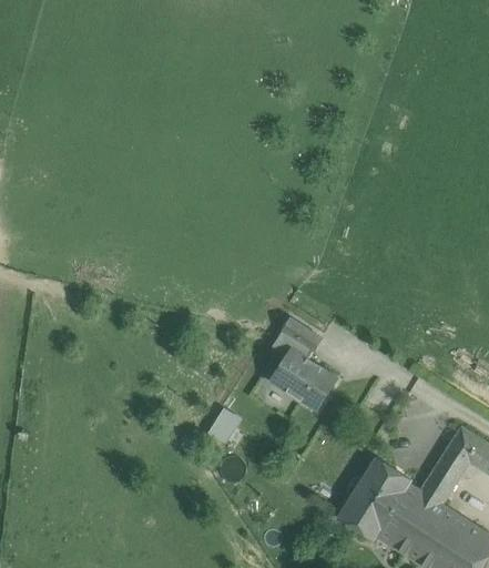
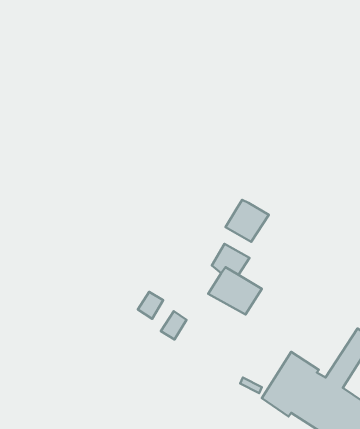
building: none -> [226,200,269,242]
building: none -> [138,292,163,319]

